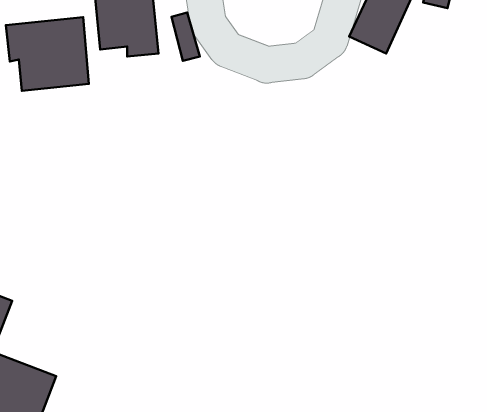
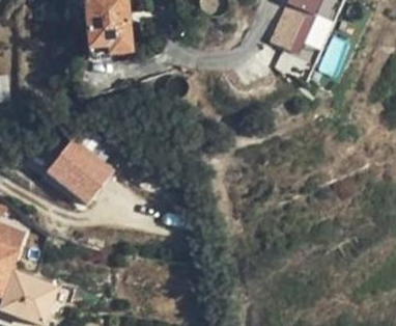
building: [6,17,89,91] -> none
building: none -> [46,134,119,207]

